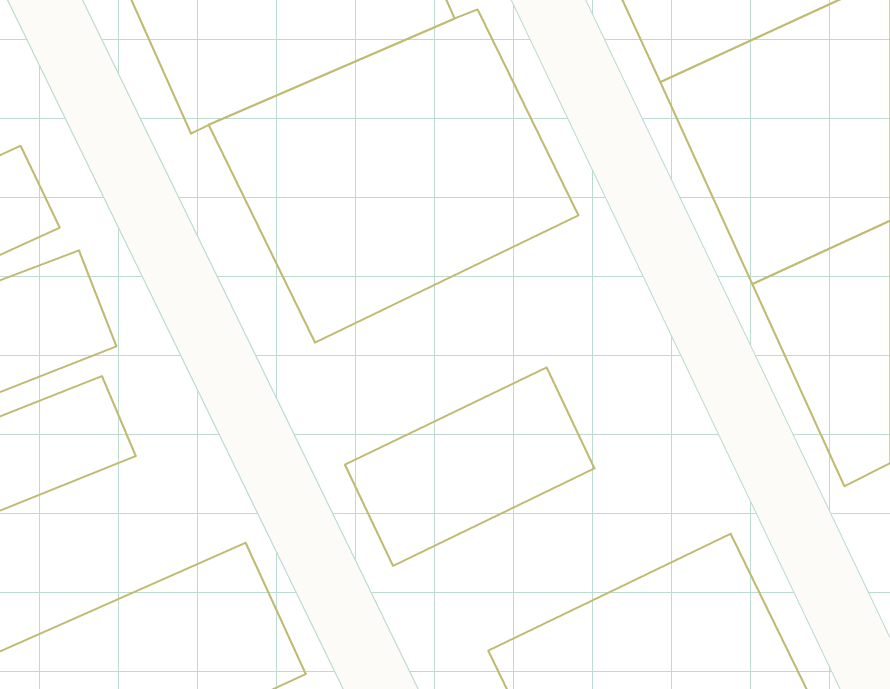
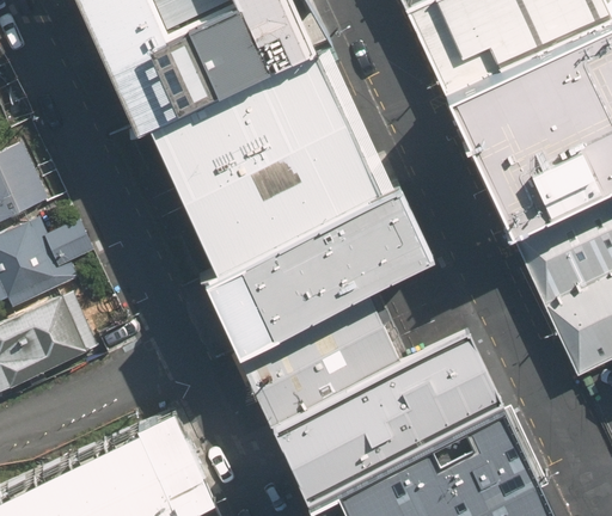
building: none -> [204,190,434,358]
building: none -> [273,333,501,498]

